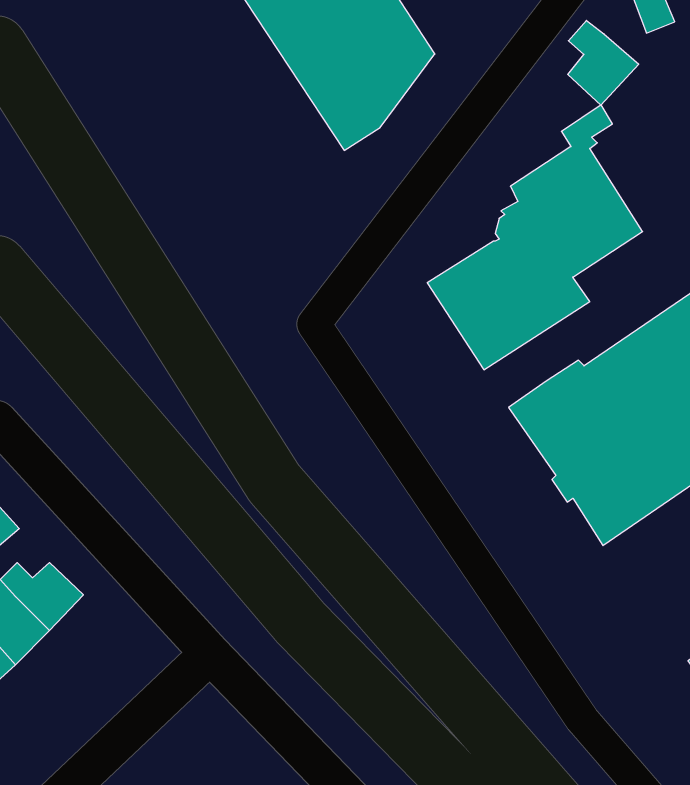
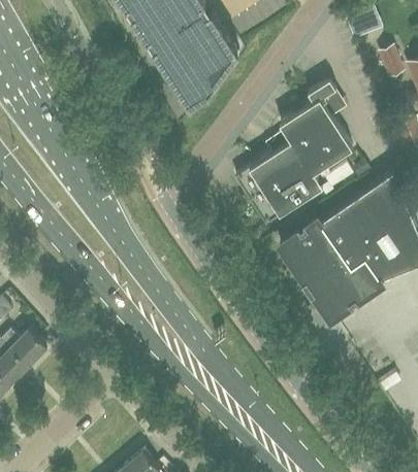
building: [568,20,639,105] -> none

